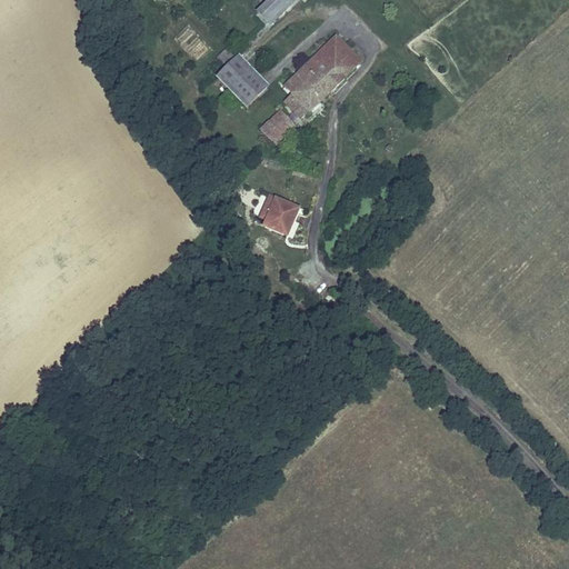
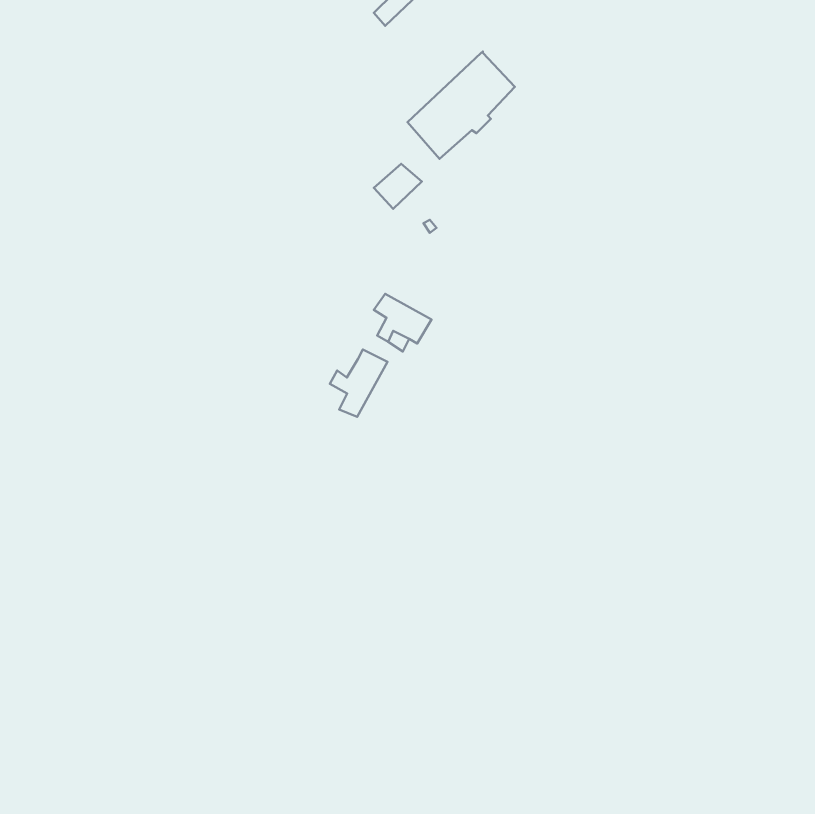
building: [219,39,269,102] -> none
building: none -> [330,349,388,417]

